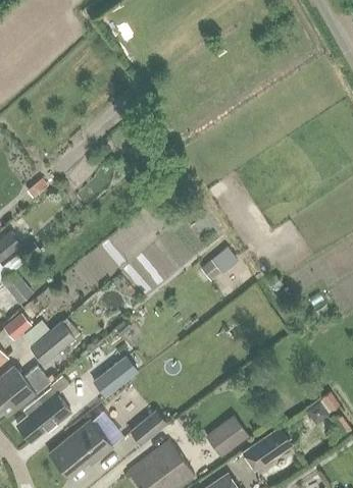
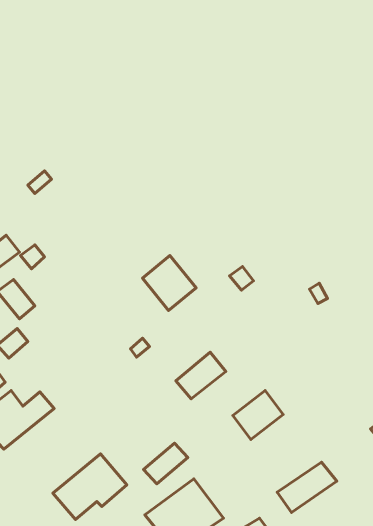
building: [32,322,74,362] -> none
building: [91,351,134,391] -> [176,352,226,399]
building: [17,387,71,441] -> none
building: [206,414,249,455] -> [233,391,283,440]

